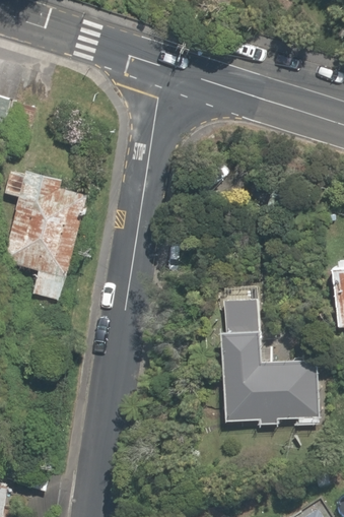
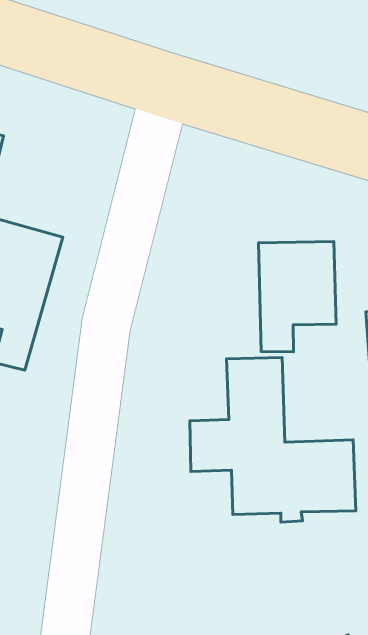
building: none -> [258,241,336,352]

